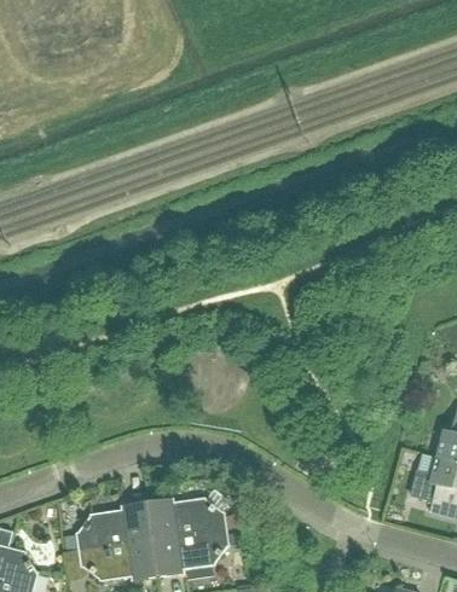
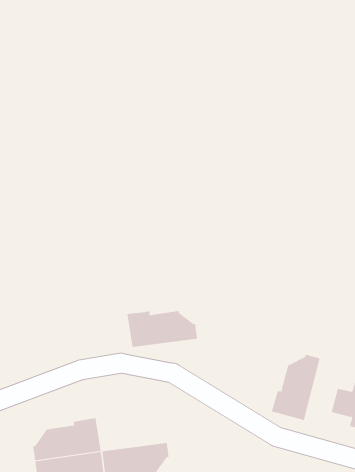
building: none -> [271,354,320,421]
building: [146,498,226,539] -> [127,311,198,347]

